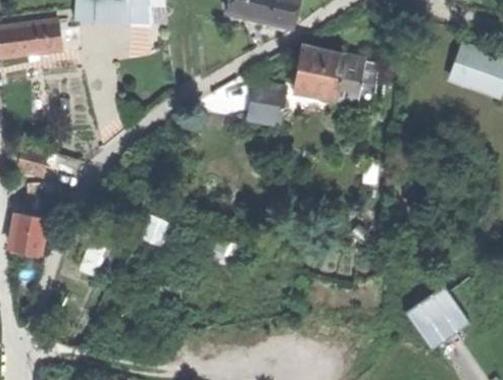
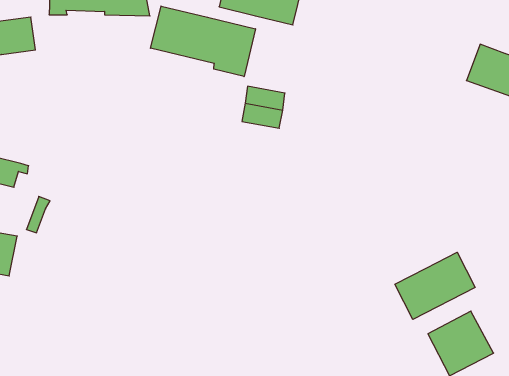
building: none -> [150,6,255,77]
building: [292,45,374,116] -> none
building: none -> [395,252,475,319]

